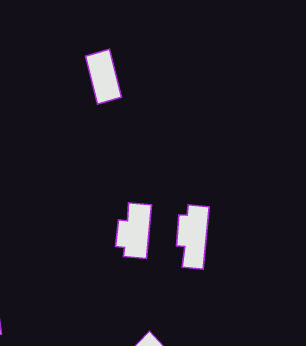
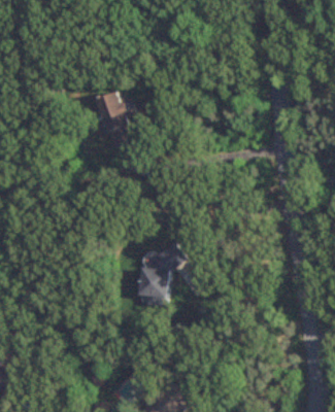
building: [176,205,209,269] -> none

